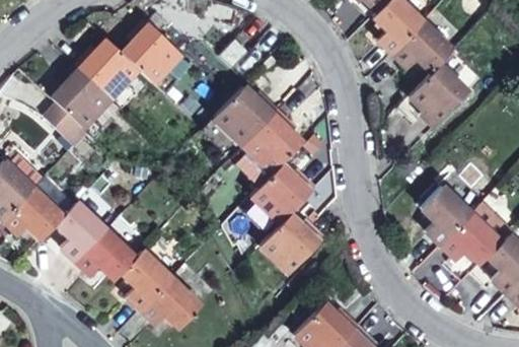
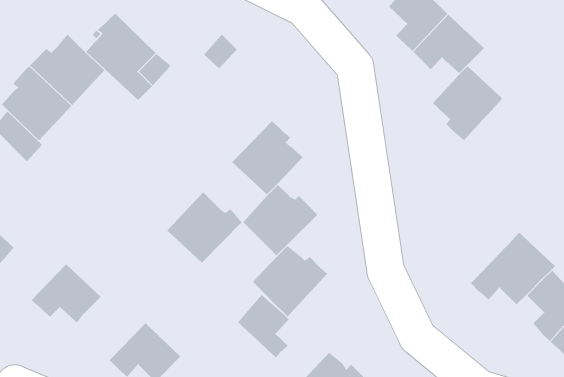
building: [213,86,276,146] -> [166,191,242,264]
building: [422,187,470,247] -> none
building: [56,203,105,261] -> none
building: [121,251,171,310] -> none
building: none -> [237,294,290,359]

